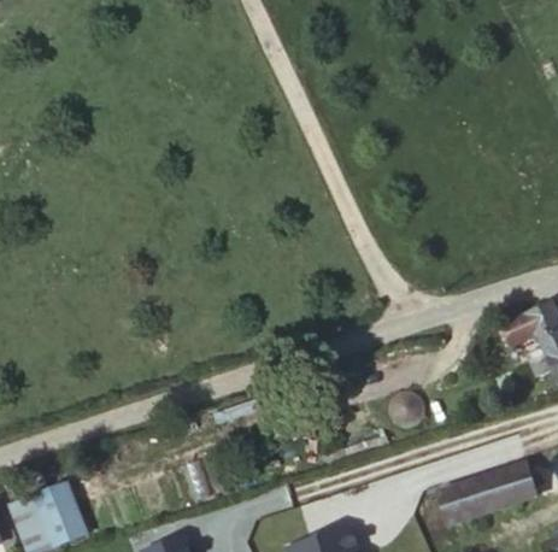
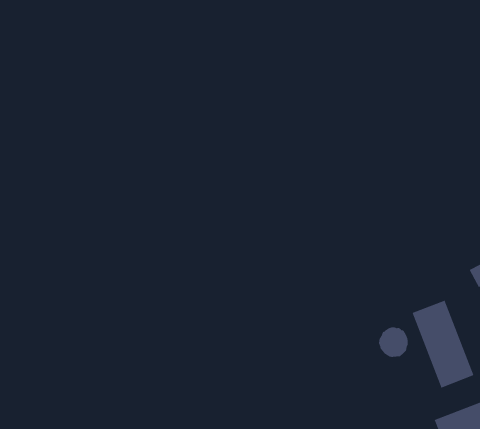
building: none -> [412,300,474,388]

